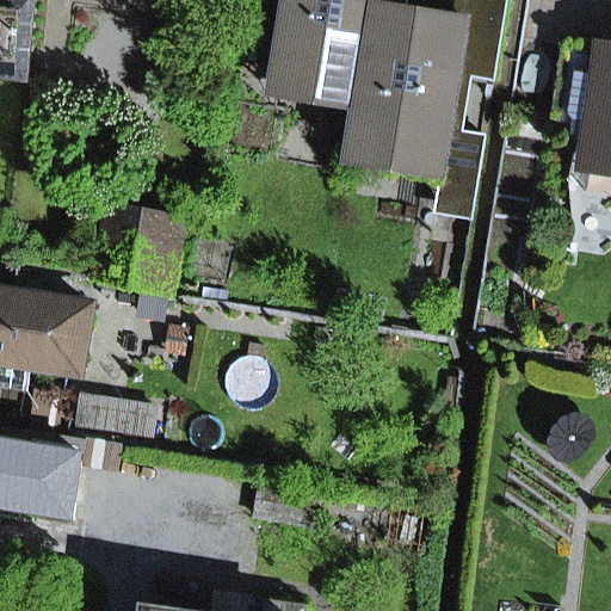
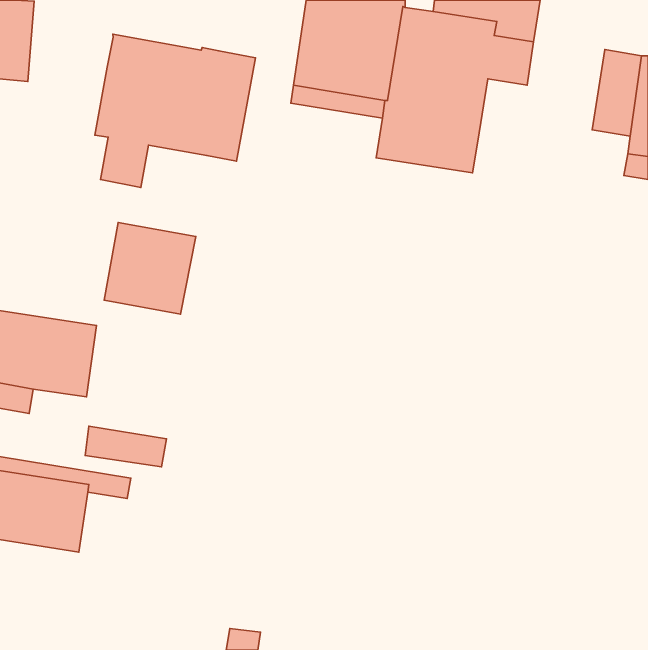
building: none -> [95,34,256,187]
building: [350,132,486,218] -> none

